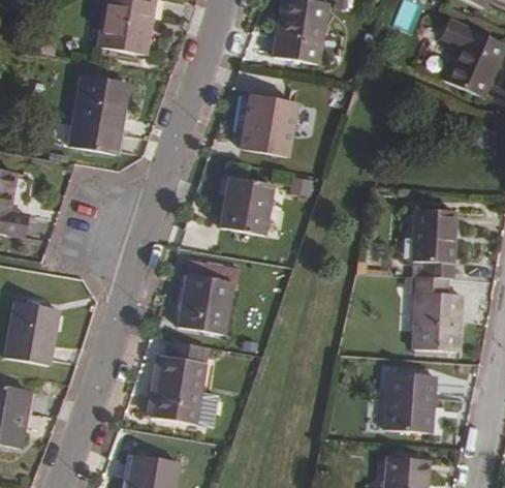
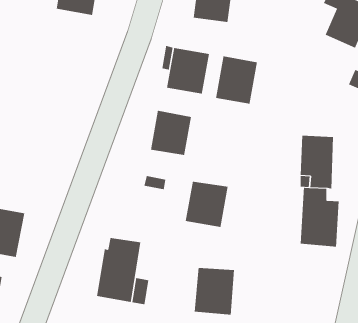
building: [68,73,127,155] -> none
building: none -> [216,56,257,104]
building: [178,274,233,334] -> [185,181,228,228]
building: [383,372,436,433] -> [194,268,235,315]

